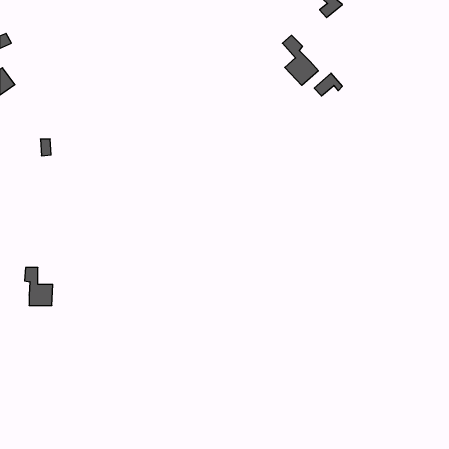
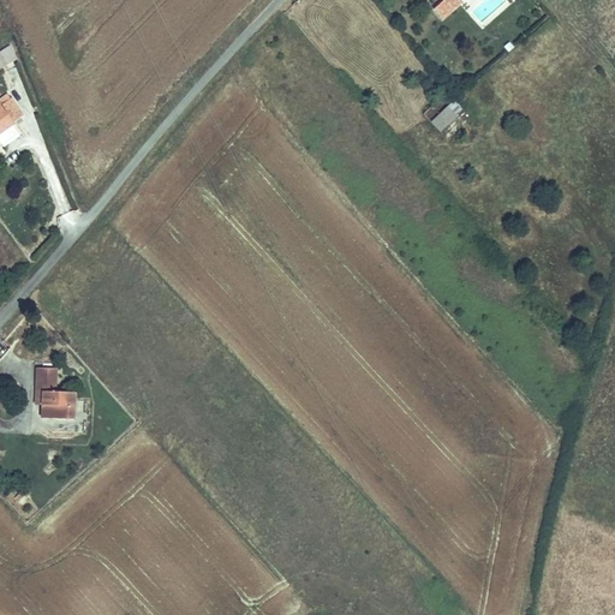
building: [282,35,318,85] -> none

